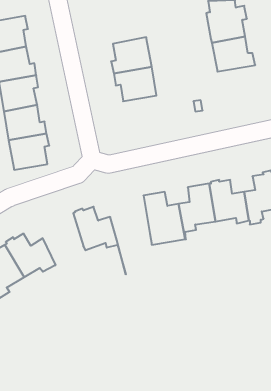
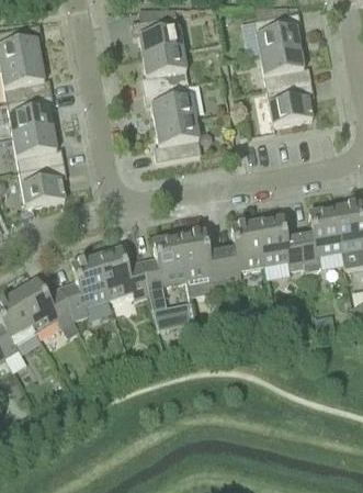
building: none -> [132,14,183,57]
building: none -> [268,82,315,125]
building: none -> [155,119,202,163]
building: none -> [140,236,193,330]
building: none -> [60,258,111,320]

